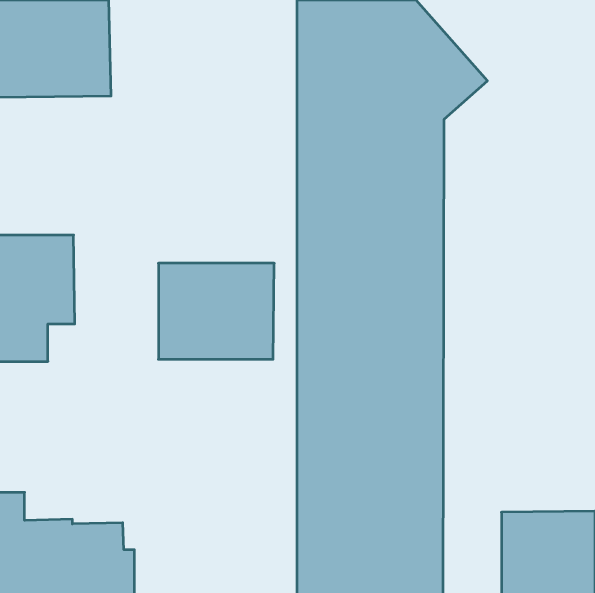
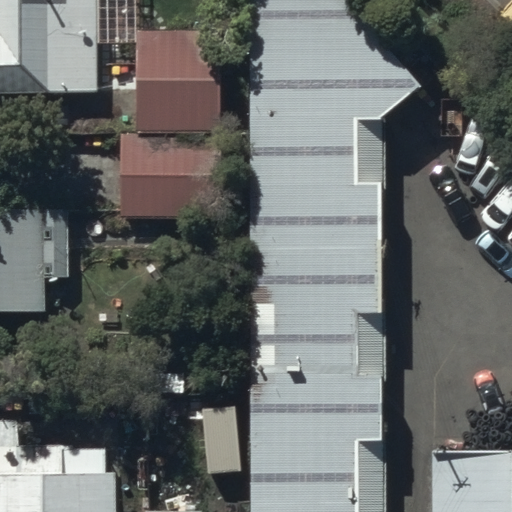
building: none -> [135,34,218,133]
building: [158,263,274,359] -> [119,140,218,222]

